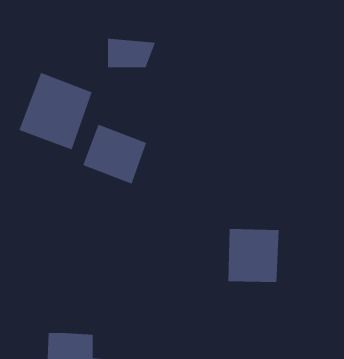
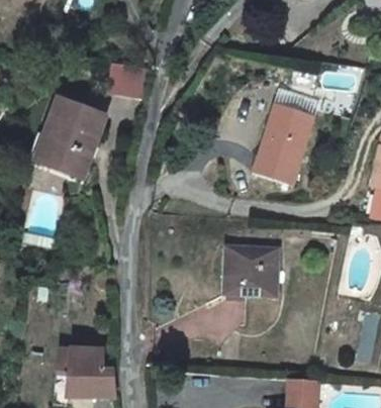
building: none -> [253,90,311,181]
building: [82,124,147,185] -> none

